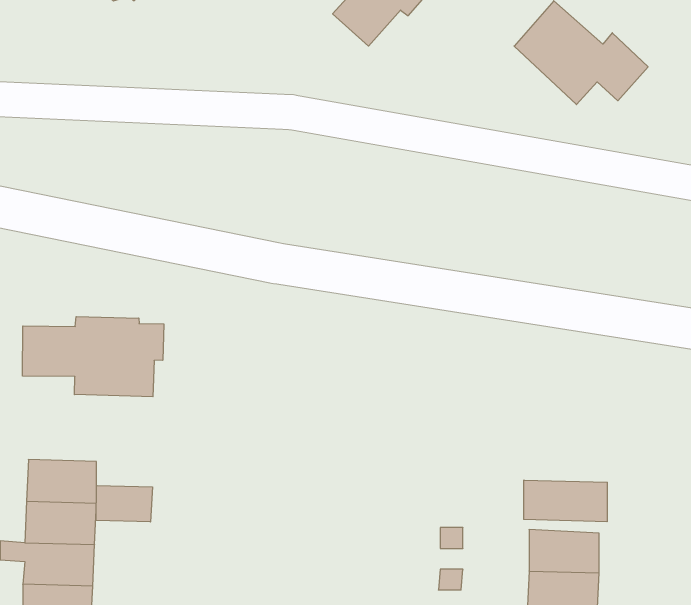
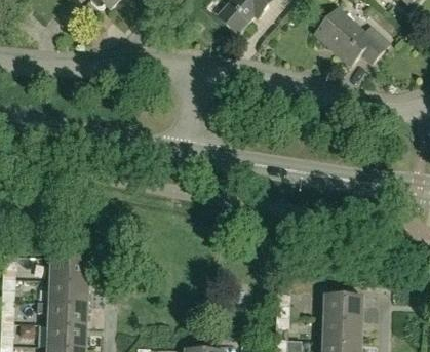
building: [23,317,164,397] -> none
building: [524,480,607,522] -> none
building: [96,485,152,522] -> none

